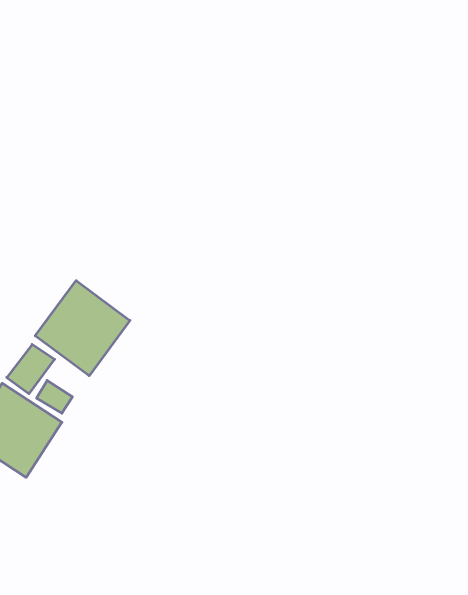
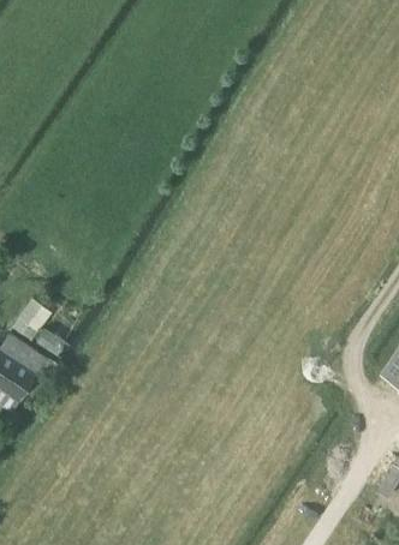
building: [35,281,130,376] -> none

